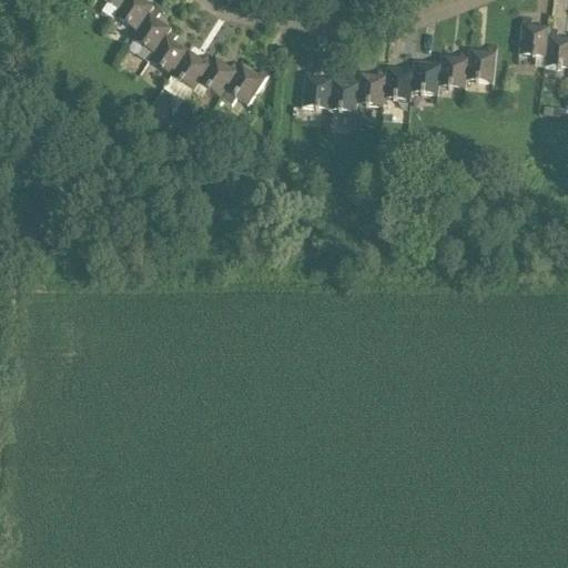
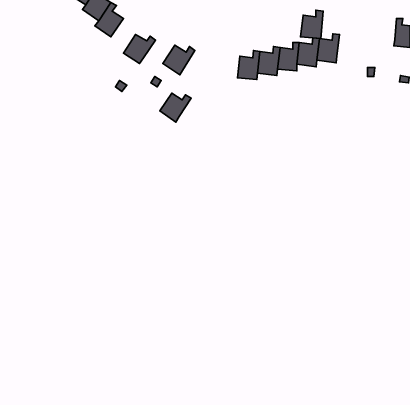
building: [518,13,548,54] -> none
building: [149,26,187,73] -> none
building: [466,41,497,80] -> [301,10,323,38]
building: [199,55,242,95] -> [160,93,191,122]
building: [302,65,332,108] -> none

